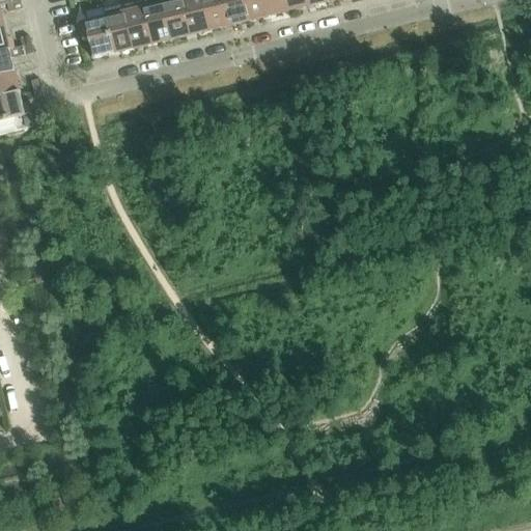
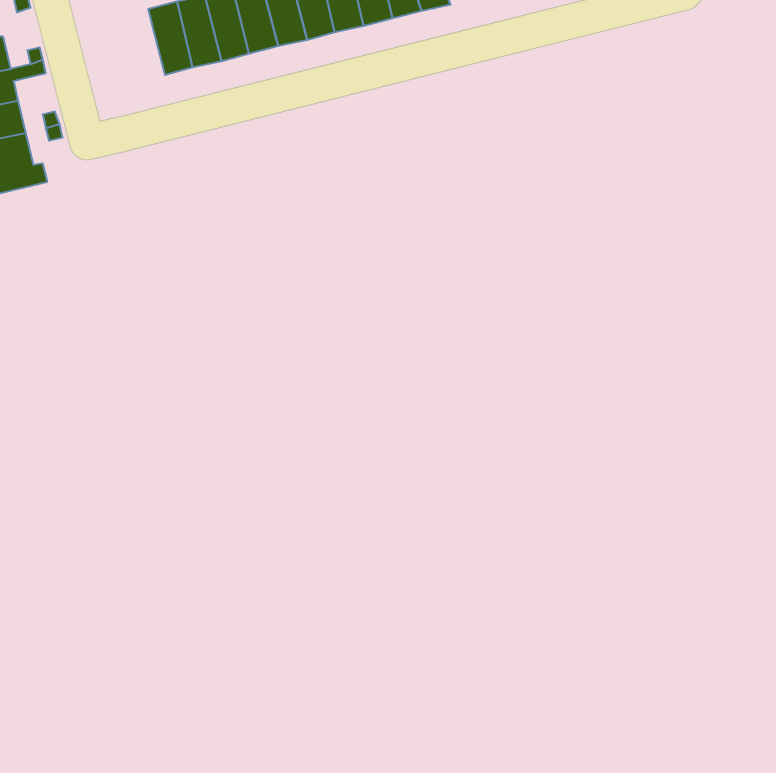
building: [75,15,112,56] -> none

